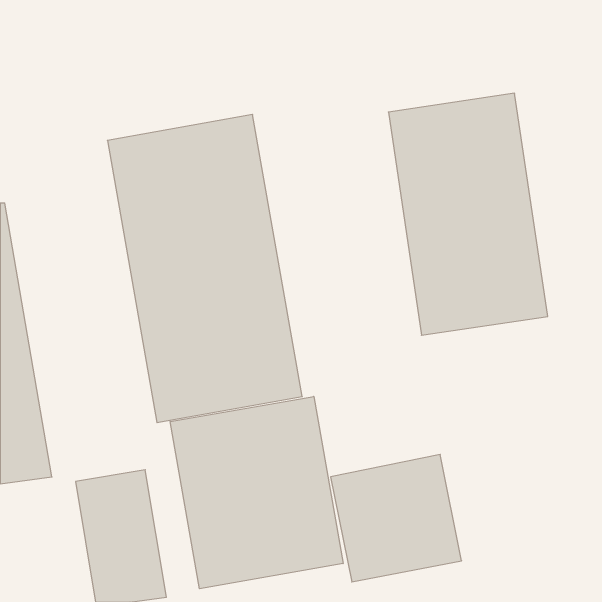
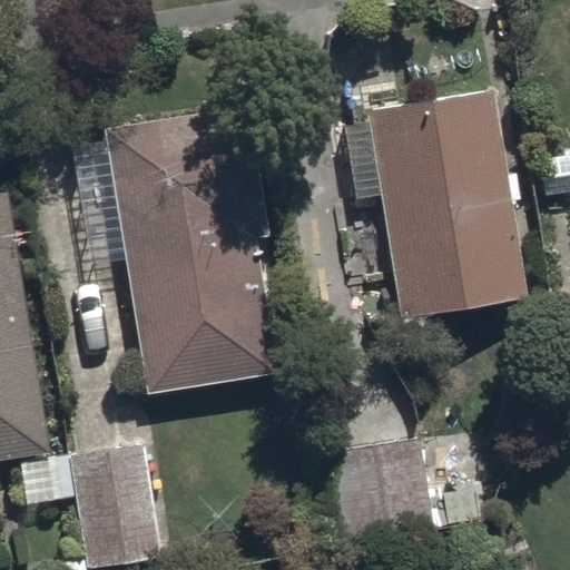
building: [170,396,343,589] -> none

